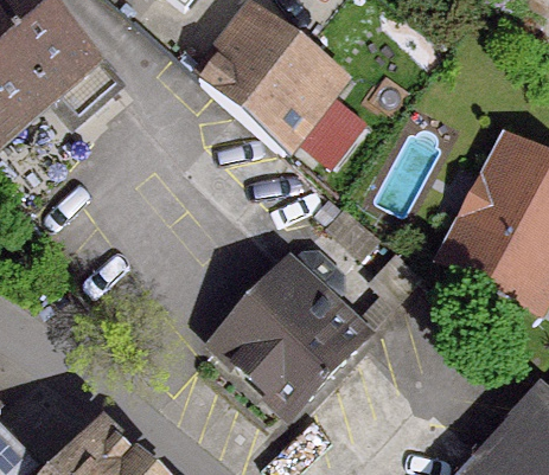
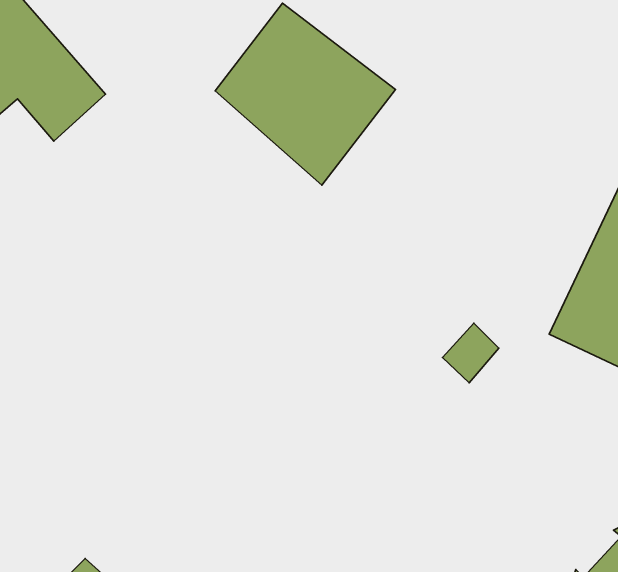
building: [211,253,356,411] -> none

